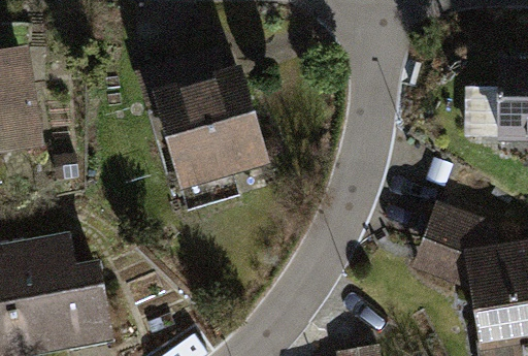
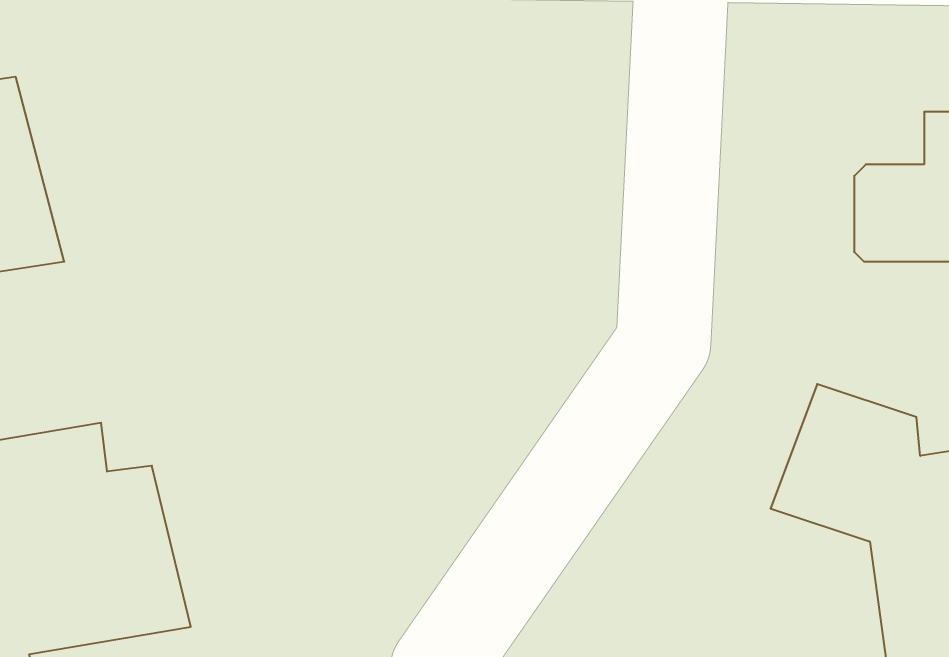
building: [139,56,264,213] -> none

